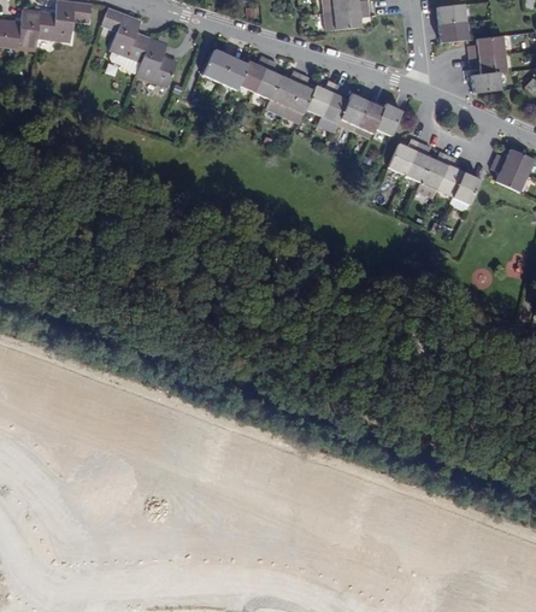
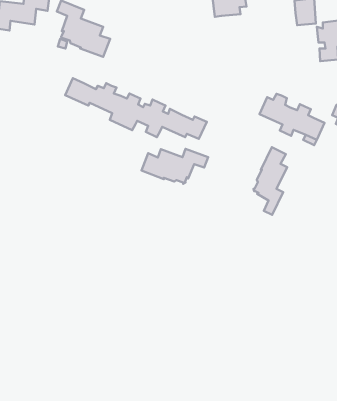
building: [204,49,402,135] -> [65,78,207,139]
building: none -> [253,147,287,215]
building: none -> [142,149,208,184]

